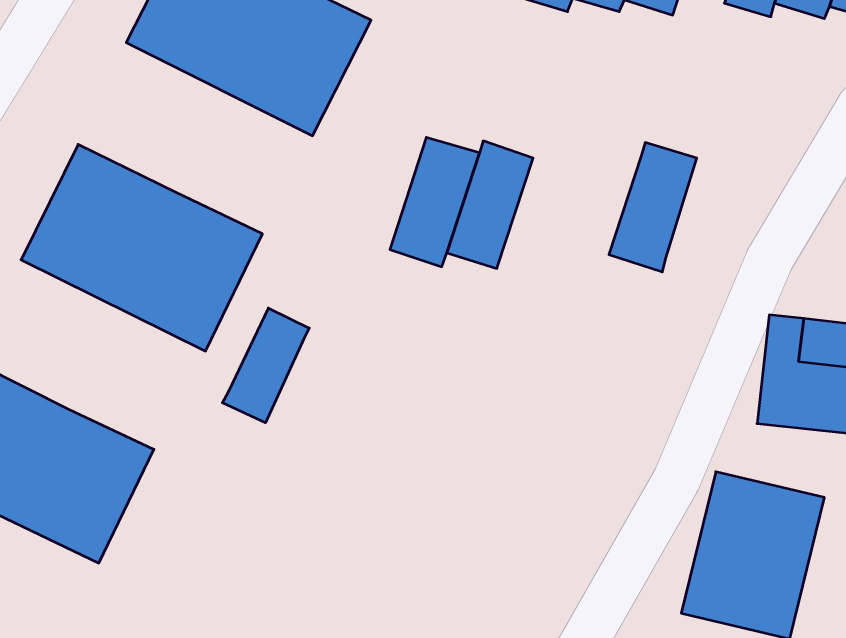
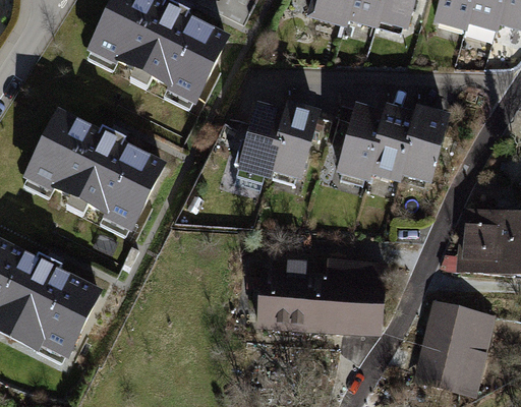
building: none -> [340,106,388,181]
building: none -> [402,110,453,184]
building: [222,308,309,423] -> none
building: none -> [259,260,386,338]

